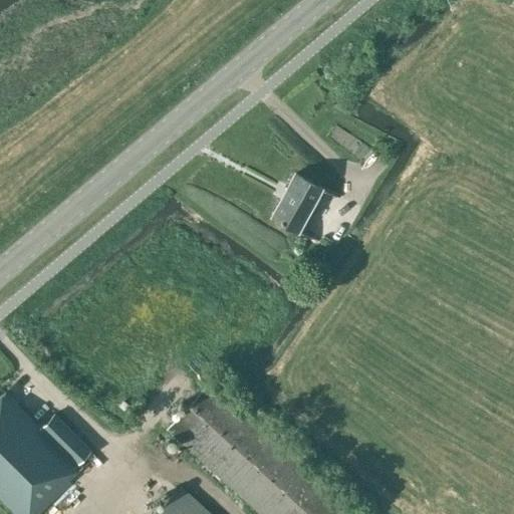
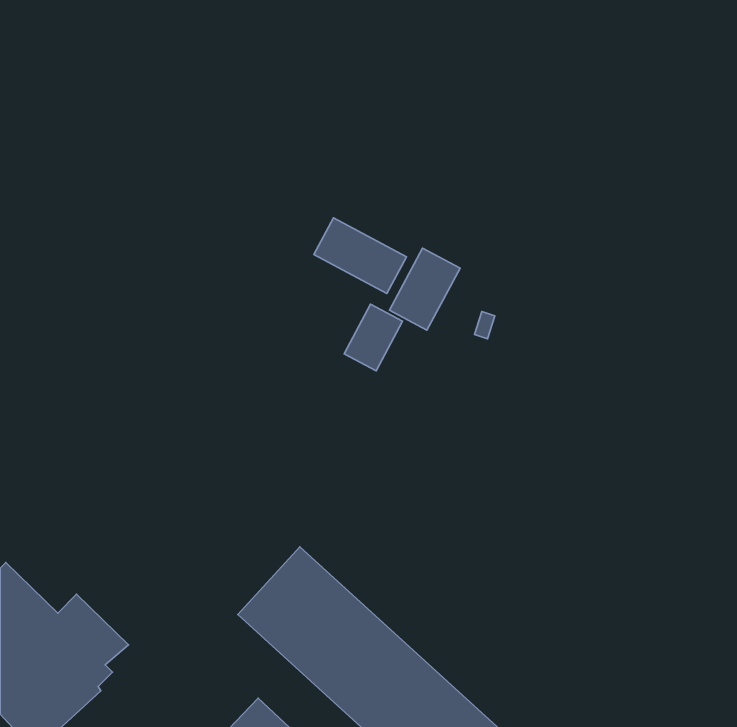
building: none -> [314,218,406,293]
building: none -> [344,304,403,371]

